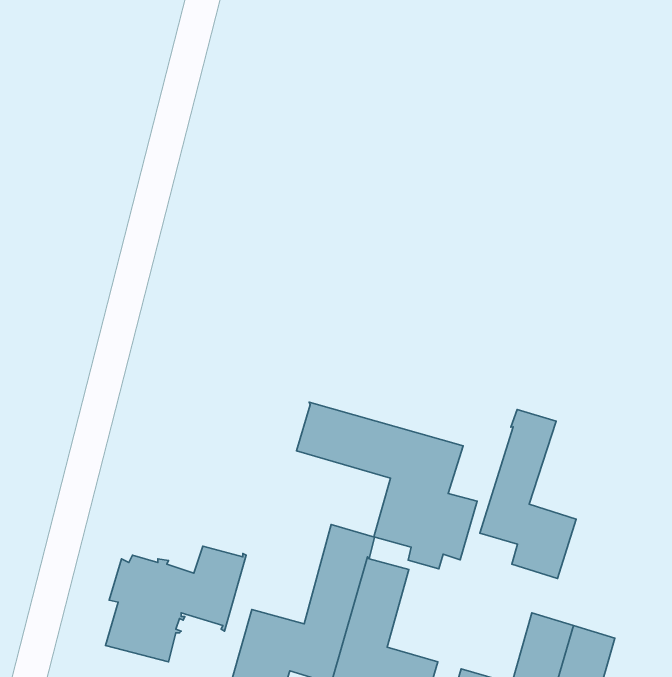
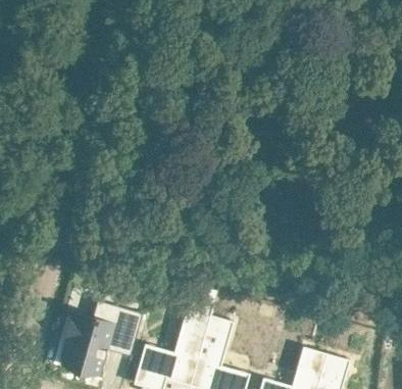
building: [296,402,477,569] -> none
building: [480,409,576,578] -> none

